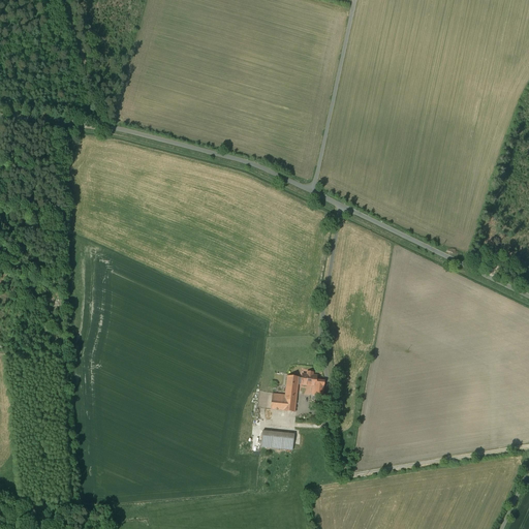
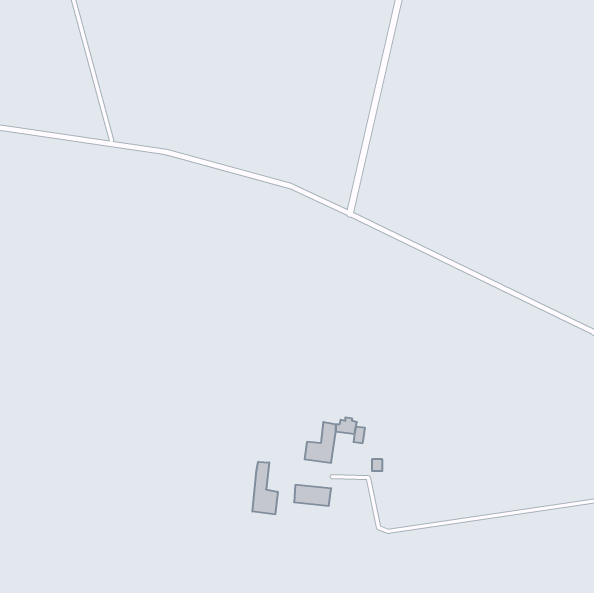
building: none -> [253,462,278,514]

